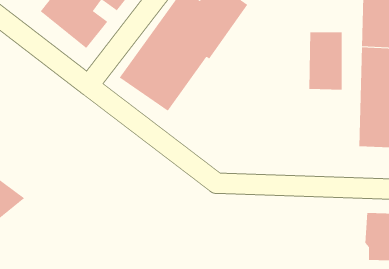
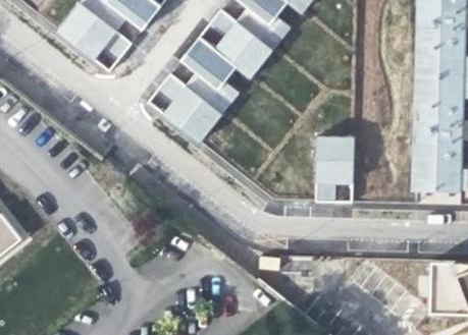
building: [309,32,343,90] -> [314,135,353,202]

